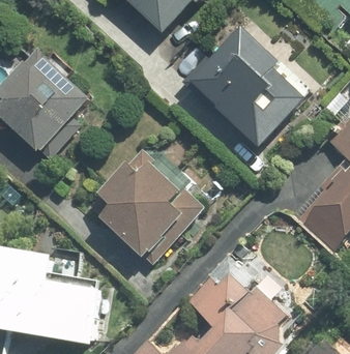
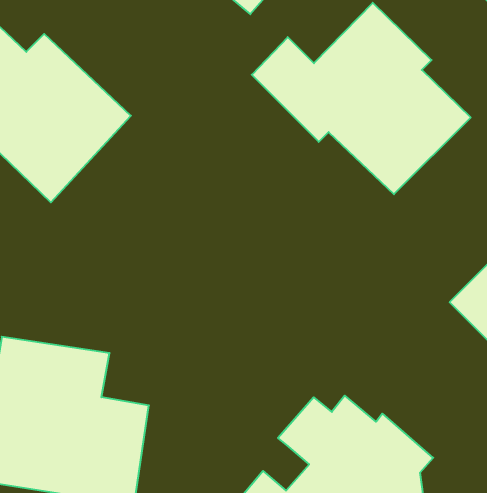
building: [87,141,195,260] -> none

